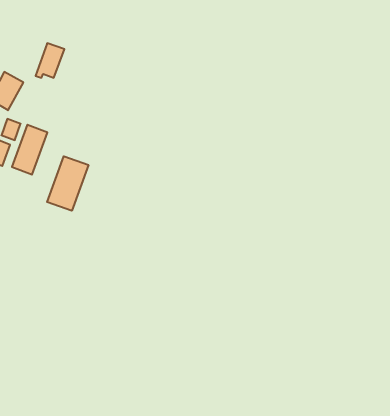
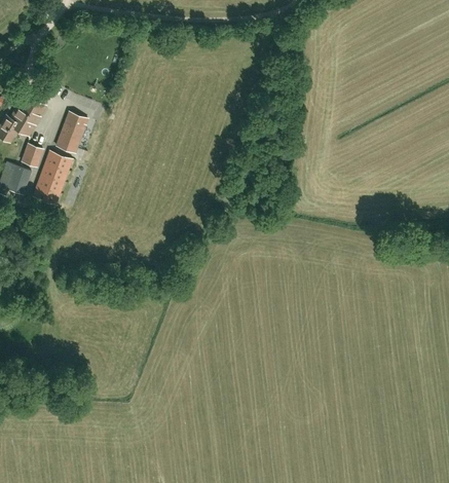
building: [36,43,64,78] -> [57,111,87,148]
building: [47,156,88,211] -> none

